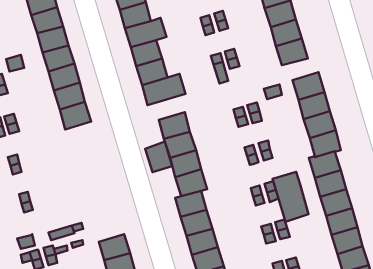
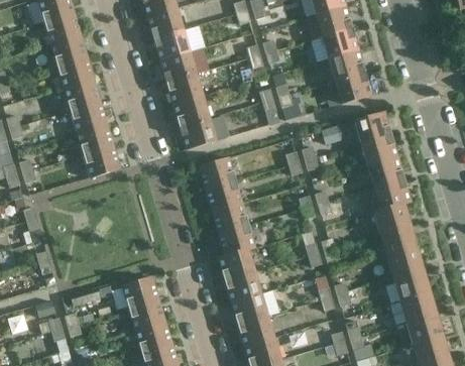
building: [145,142,172,172] -> none
building: [272,172,309,222] -> none
building: none -> [122,277,158,310]

